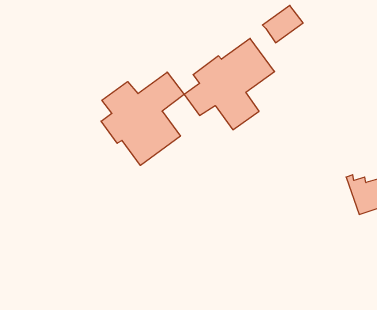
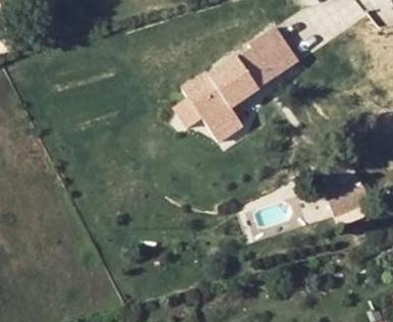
building: none -> [235,42,296,87]
building: [101,72,184,165] -> none

